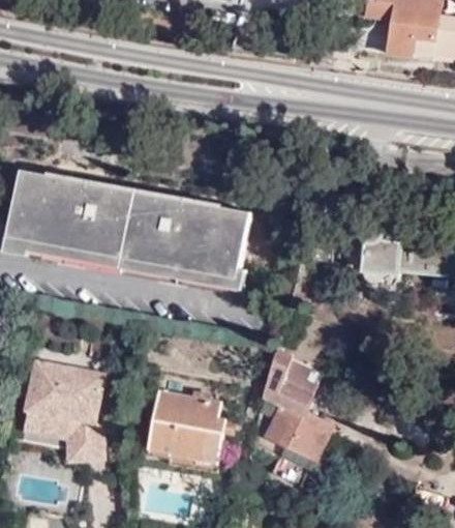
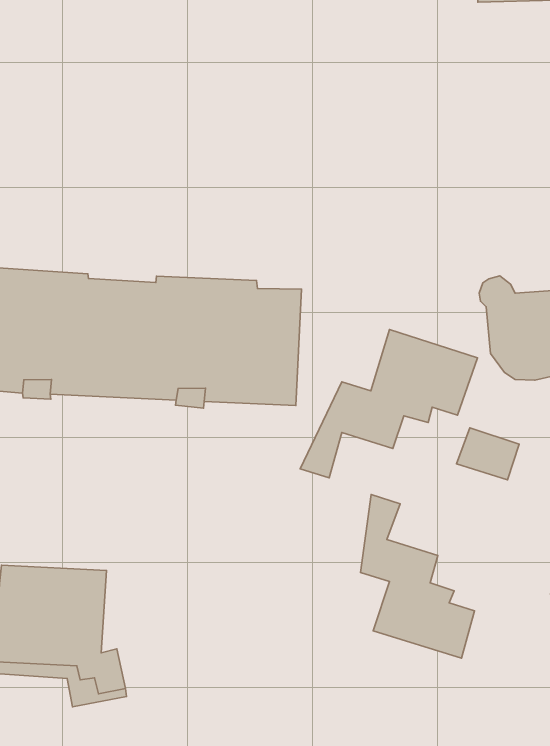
building: none -> [300,330,477,478]
building: [281,358,323,394] -> [457,428,519,480]
building: [149,392,225,464] -> none

